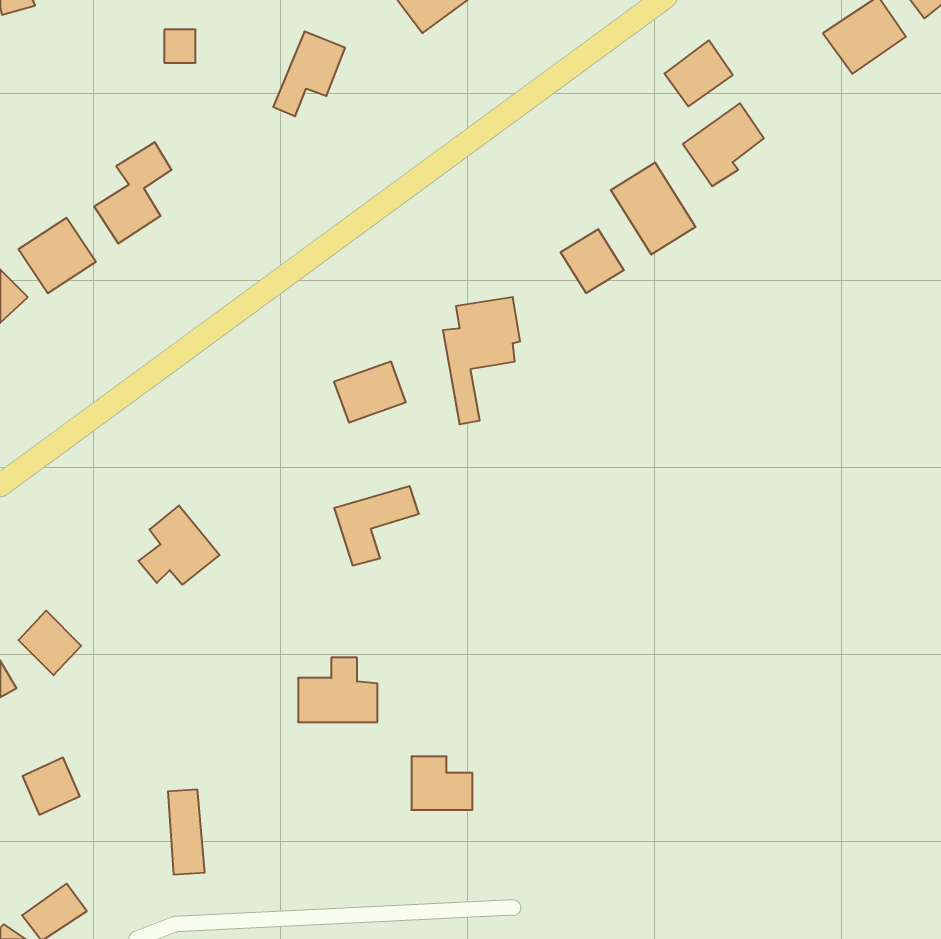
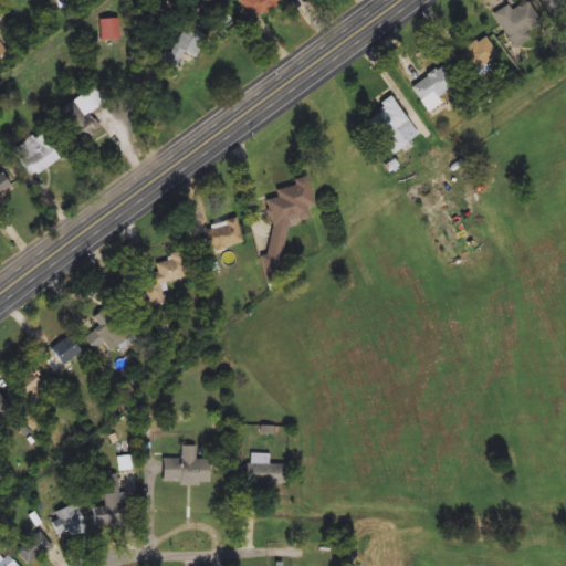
building: [664,40,733,107] -> [458,33,499,73]
building: [561,229,624,293] -> none
building: [334,486,419,565] -> [139,258,190,305]
building: none -> [46,334,80,367]
building: [298,658,377,722] -> [161,444,209,483]
building: [23,758,80,815] -> [52,502,86,536]

